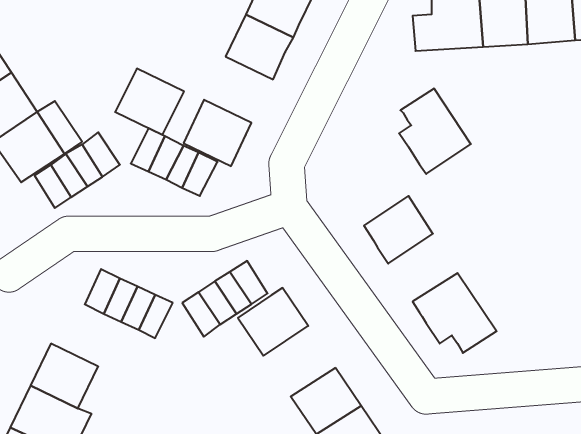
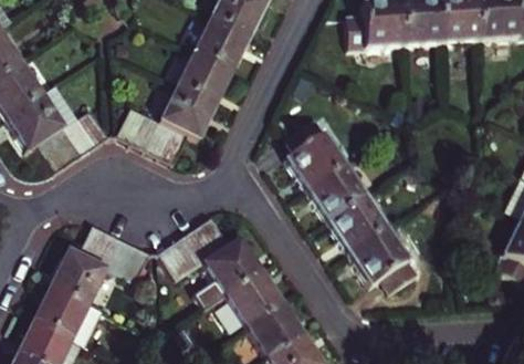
building: [115,69,184,135] -> [177,49,233,103]
building: [399,89,471,174] -> [285,117,344,187]
building: none -> [327,194,384,249]
building: none -> [52,250,107,302]
building: none -> [226,269,284,326]

